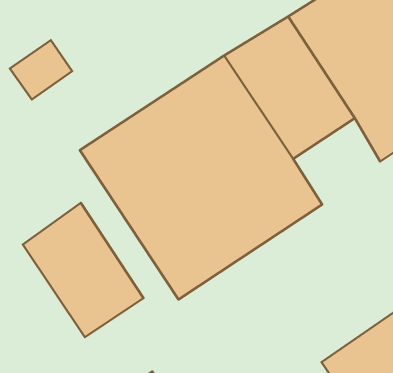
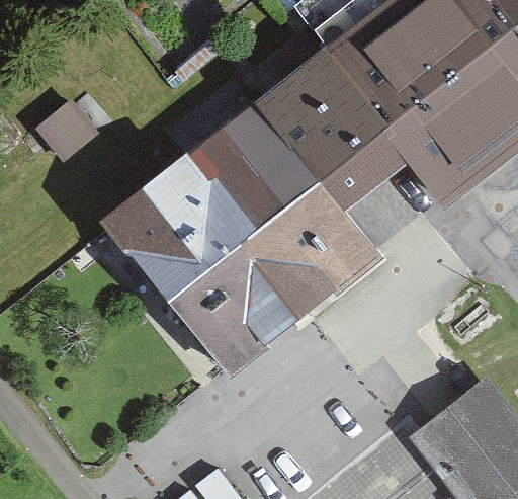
building: [23,203,144,337] -> none

